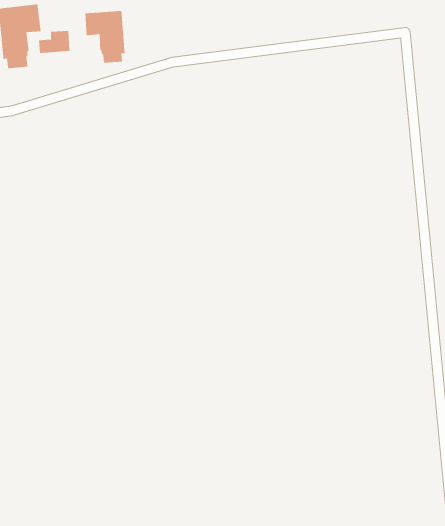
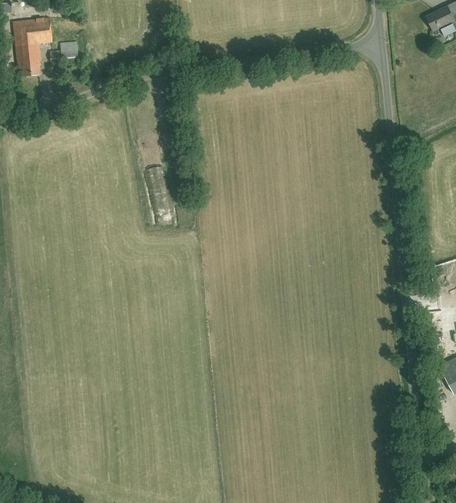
building: [85,10,125,64] -> none

